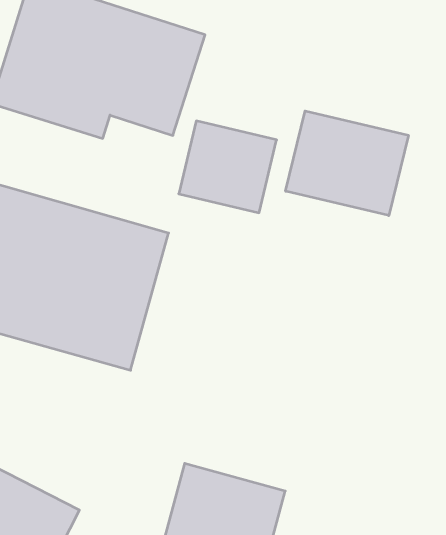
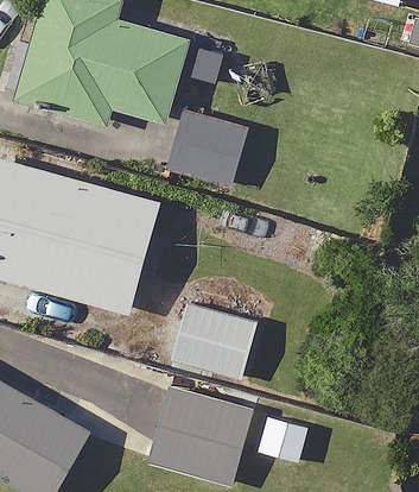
building: [286,111,408,216] -> none
building: none -> [169,302,259,380]

